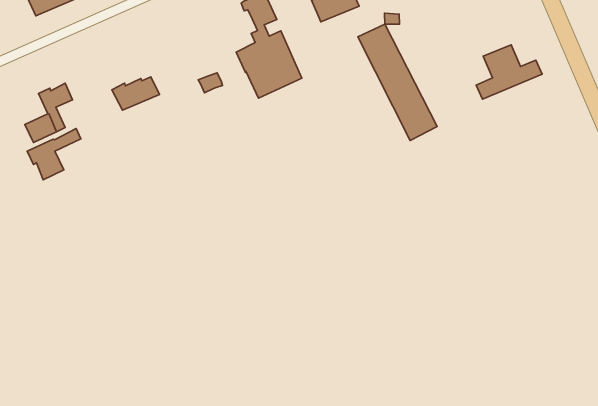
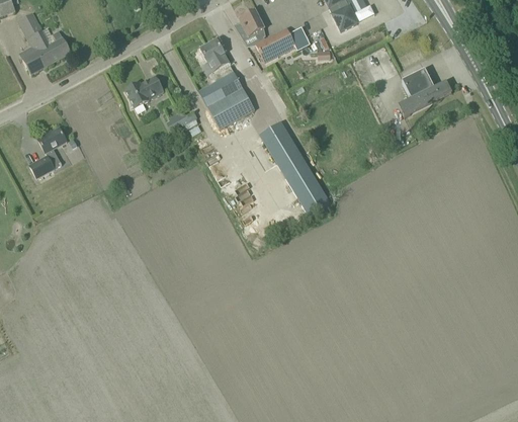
building: [358,24,437,140] -> [259,122,330,217]
building: [112,77,159,110] -> [124,77,164,106]
building: [27,129,81,180] -> none

